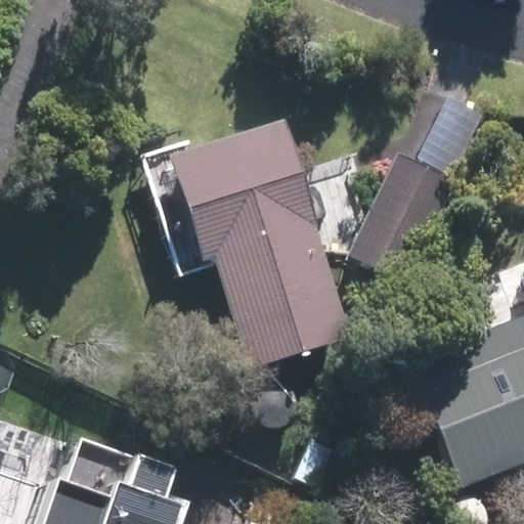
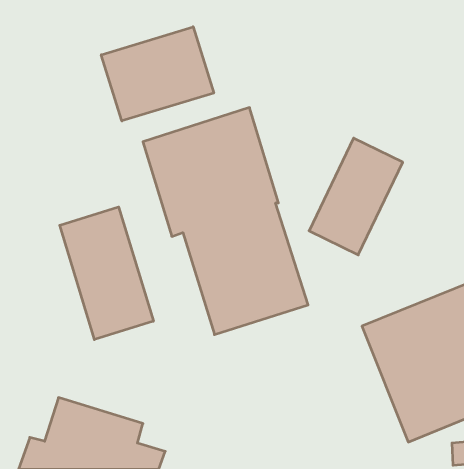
building: none -> [101,27,214,121]
building: none -> [60,207,153,340]

